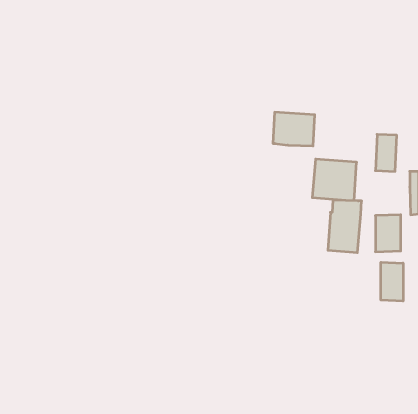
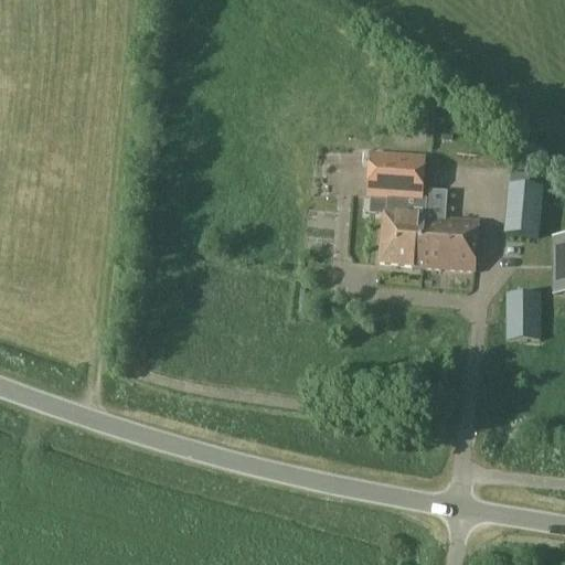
building: [328,200,362,253] -> [382,195,427,266]
building: [381,262,403,301] -> none

